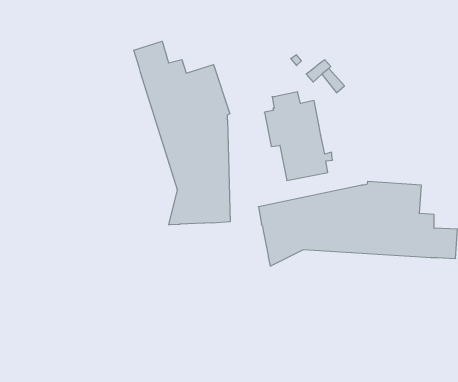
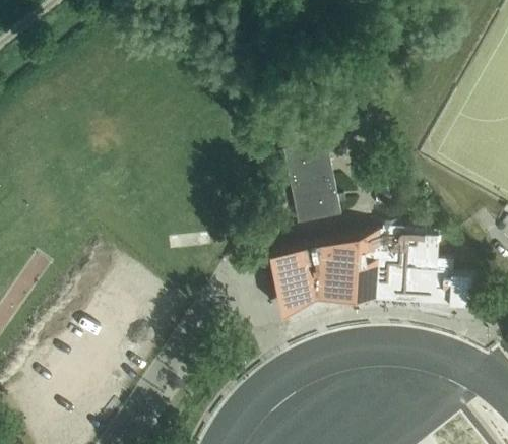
building: [134,41,230,225] -> none

